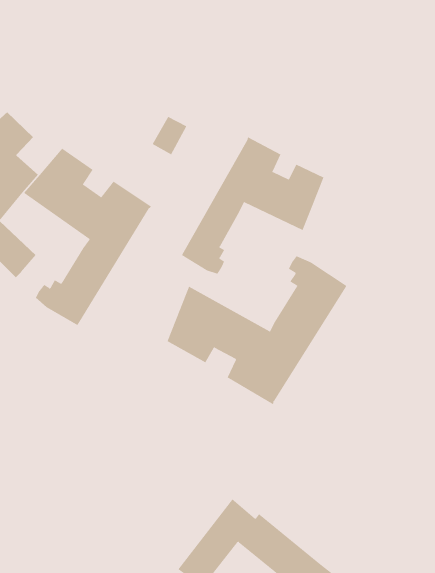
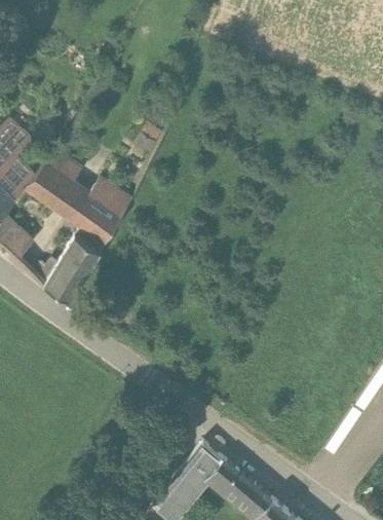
building: [181,137,324,275] -> none
building: [167,256,347,405] -> none

